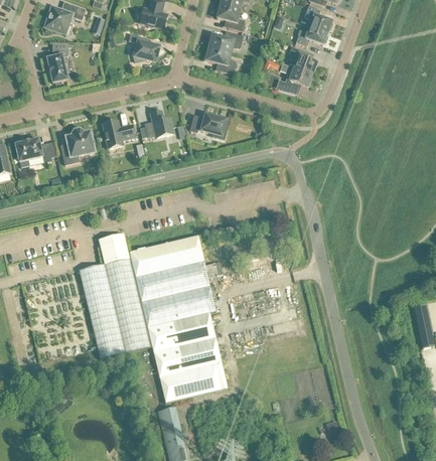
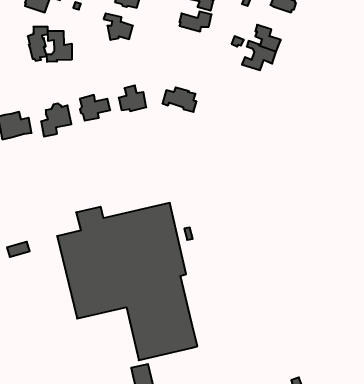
building: [295,26,328,45] -> none
building: [204,46,237,73] -> none
building: none -> [47,31,72,62]

